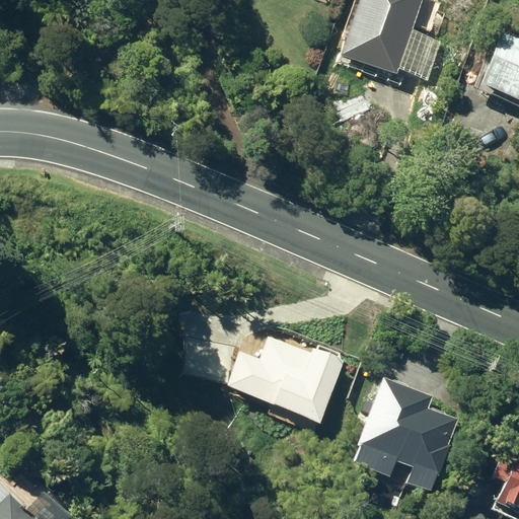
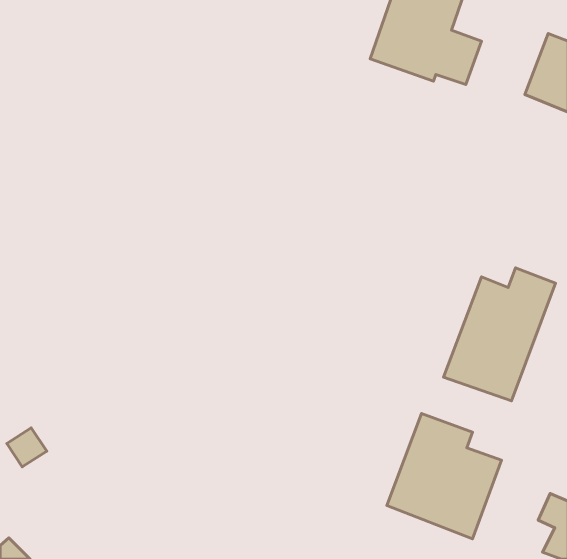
building: none -> [444,268,556,401]
building: [226,335,342,427] -> none

